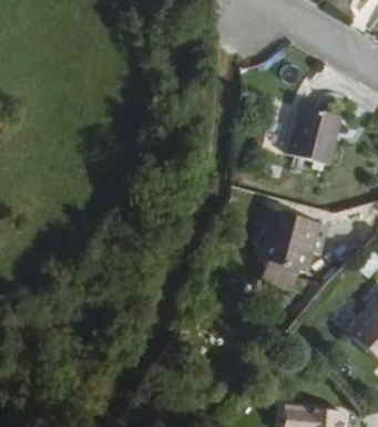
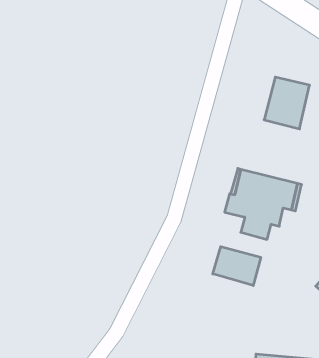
building: none -> [213,247,261,286]

